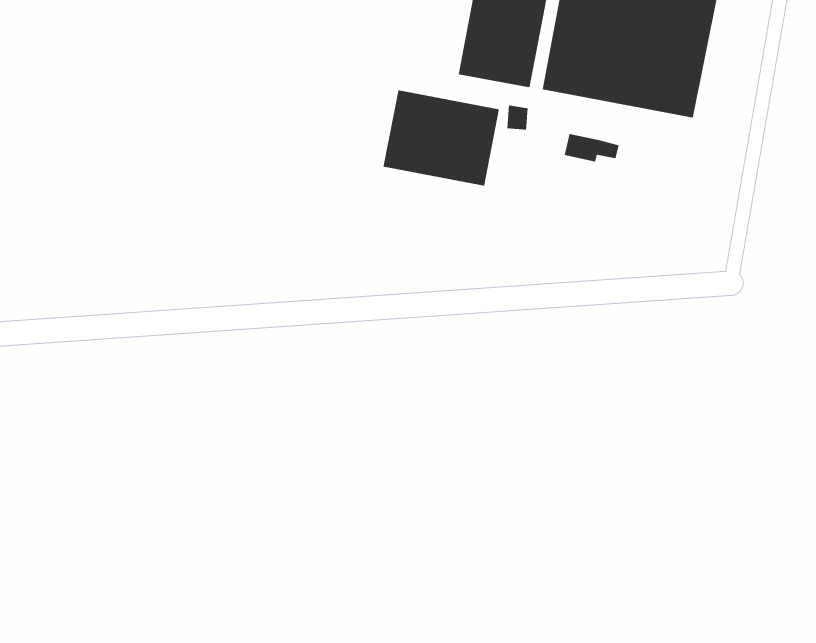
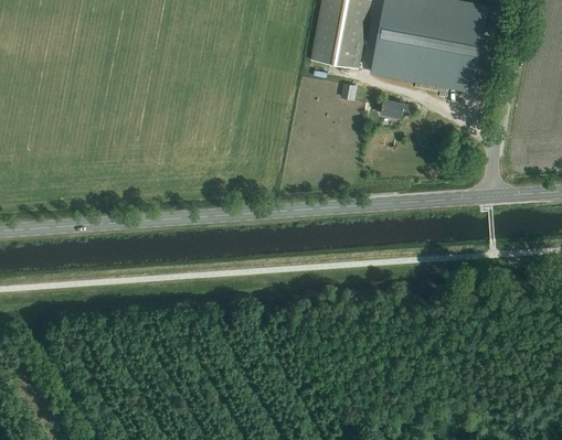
building: [383,89,500,186] -> none

